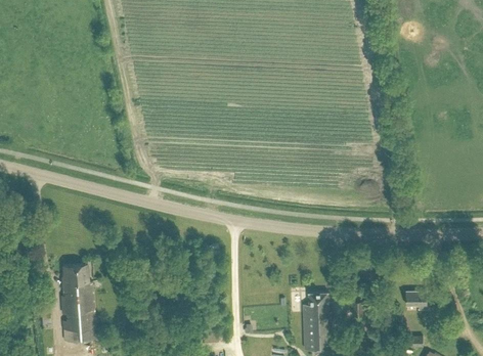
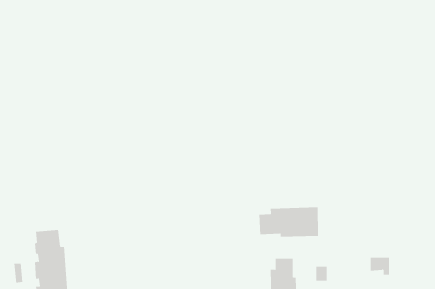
building: none -> [259,207,319,237]

